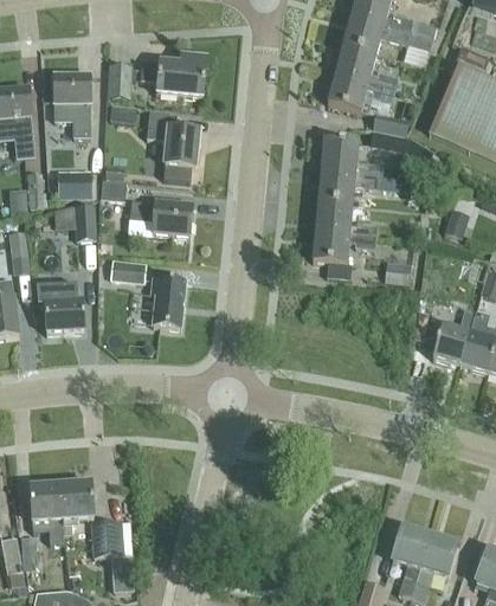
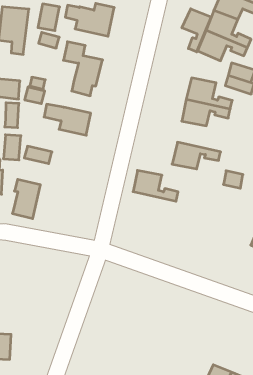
building: none -> [182,9,211,52]
building: [315,199,376,234] -> [133,170,178,201]
building: [150,276,185,327] -> [12,179,40,219]

